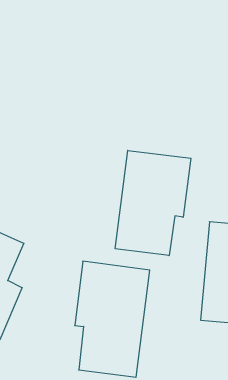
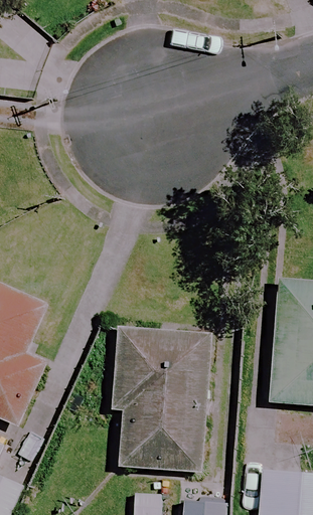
building: [115,150,191,256] -> none

